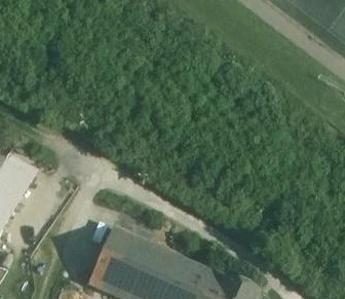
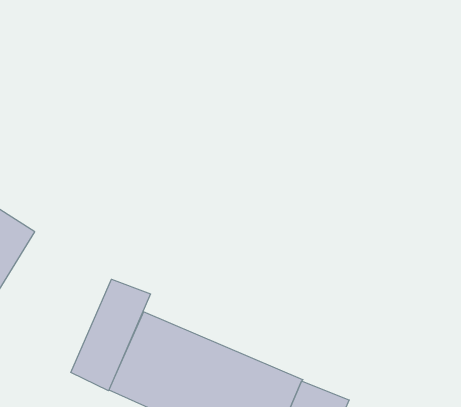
building: none -> [71,279,150,391]

